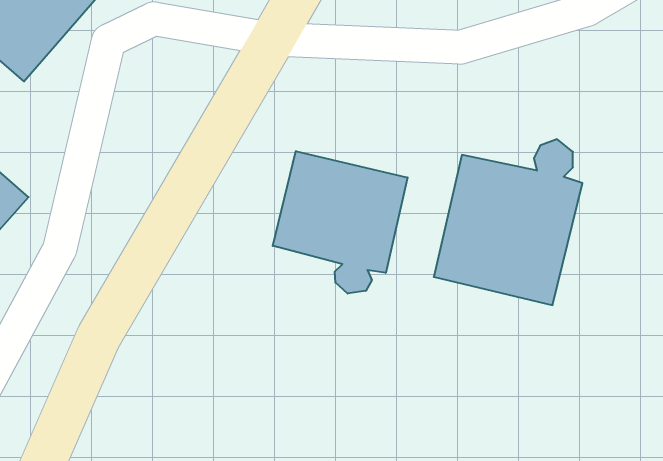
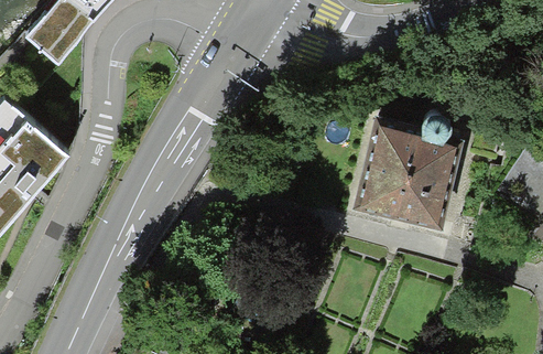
building: [273,151,408,294] -> none

